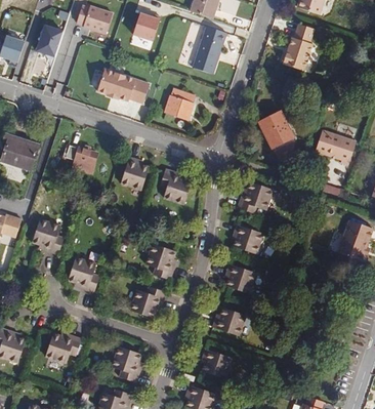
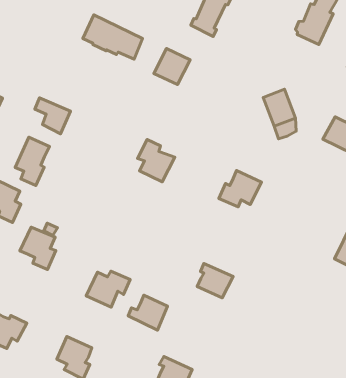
building: [121,157,149,190] -> none
building: none -> [15,137,49,186]
building: [230,230,258,258] -> none
building: [147,243,175,278] -> none
building: [210,312,243,340] -> [128,295,168,330]

